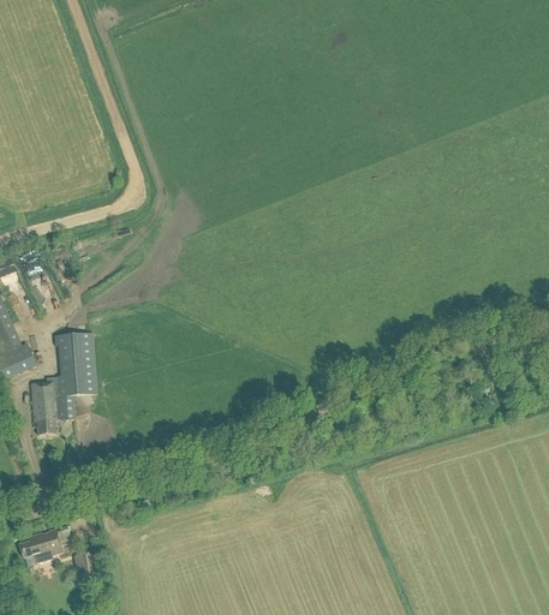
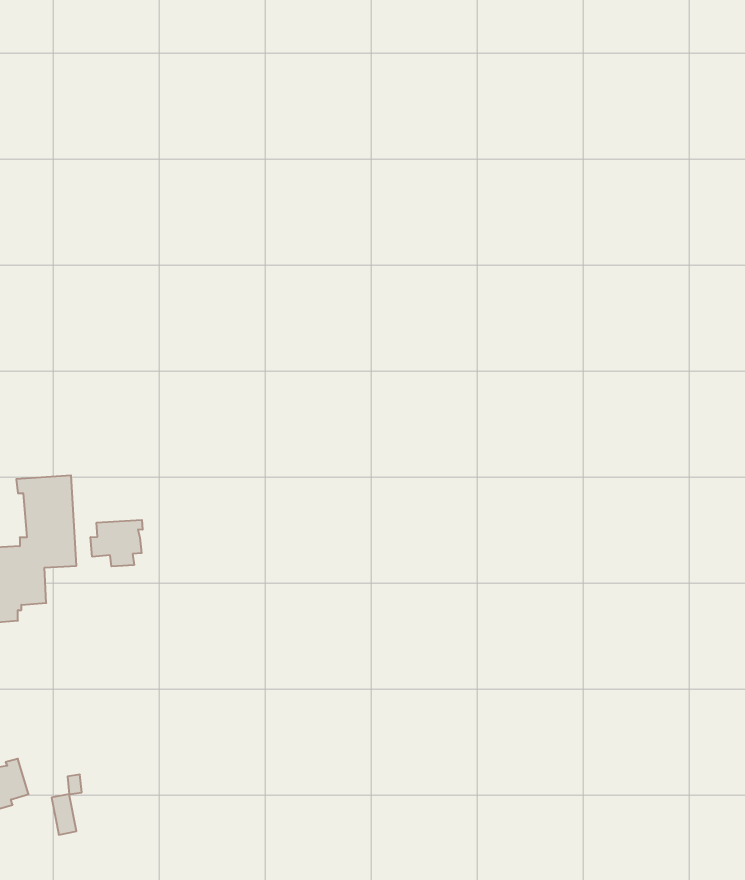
building: none -> [91,520,143,566]

